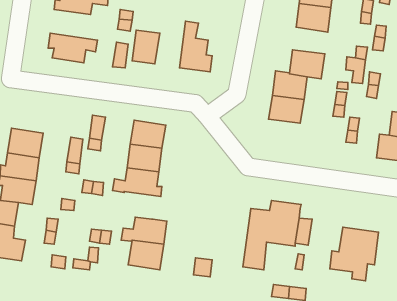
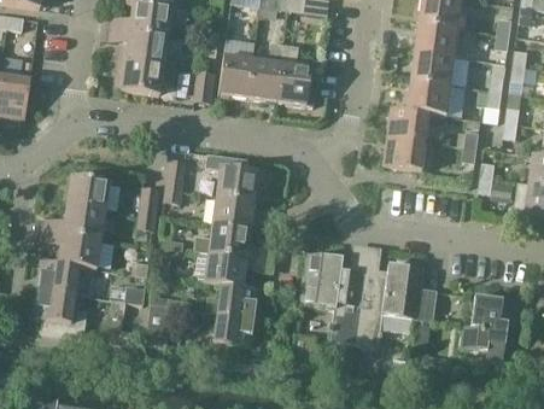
building: none -> [118,30,179,68]
building: none -> [246,43,283,101]
building: none -> [414,52,457,84]
building: none -> [205,252,253,286]
building: none -> [300,252,363,344]

